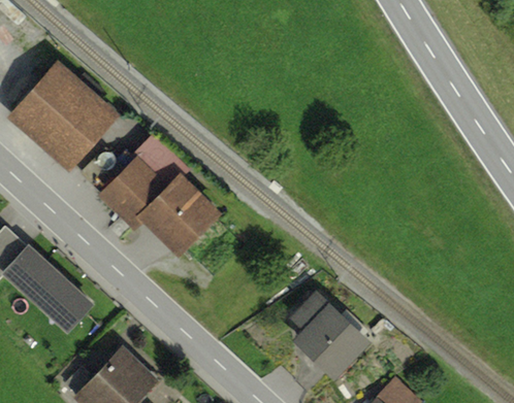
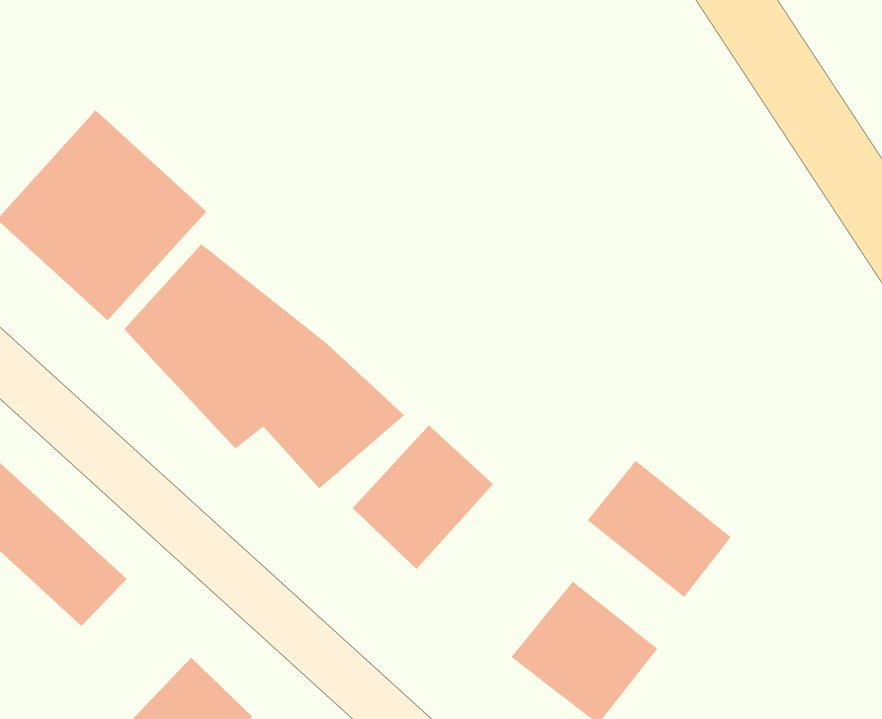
building: none -> [352,425,494,570]
building: none -> [587,460,732,598]

